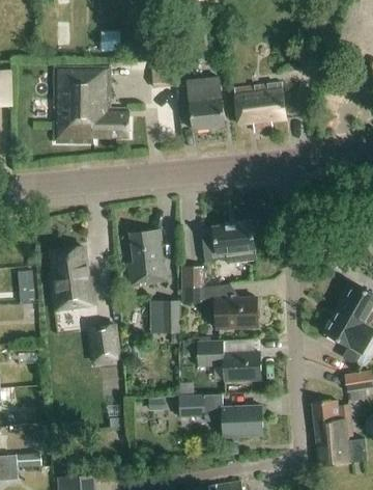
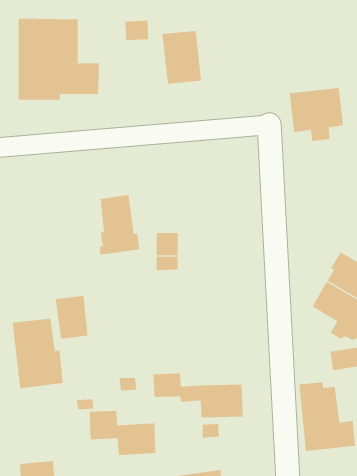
building: [235,80,286,130] -> [289,87,344,141]
building: [202,221,256,263] -> none
building: [52,247,99,312] -> [12,318,63,389]
building: [216,295,258,326] -> none
building: [163,300,181,332] -> none
building: [198,338,260,380] -> [89,411,156,455]

